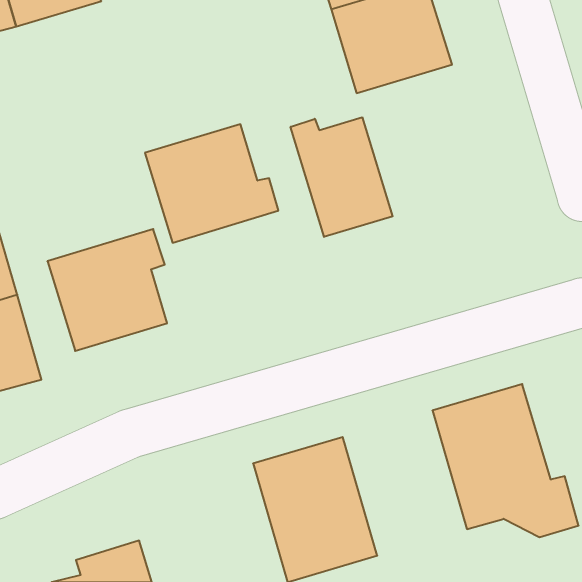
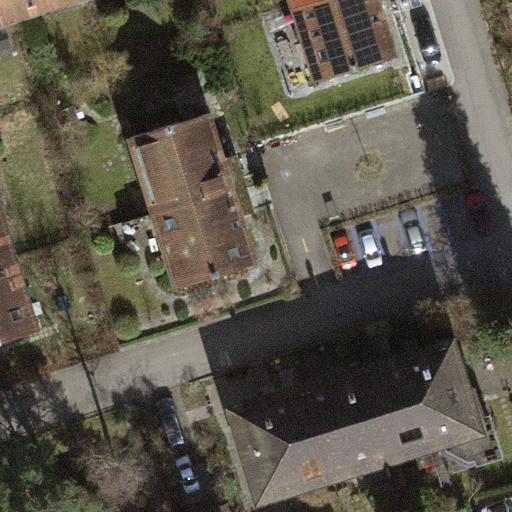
building: [291,117,393,237] -> none
building: [47,229,167,351] -> [150,183,254,289]
building: none -> [298,357,406,485]

